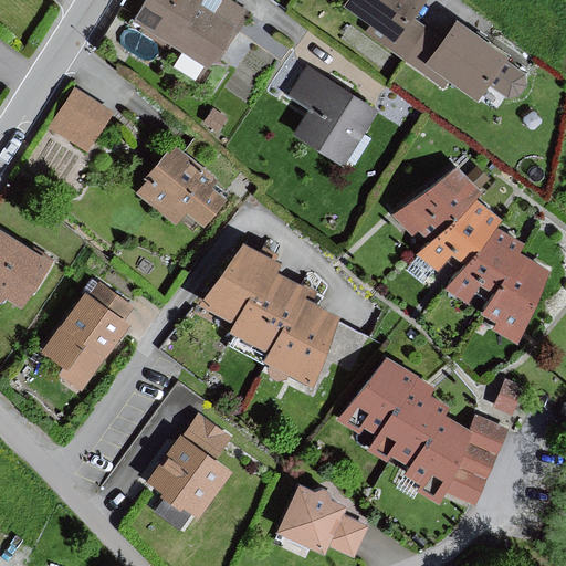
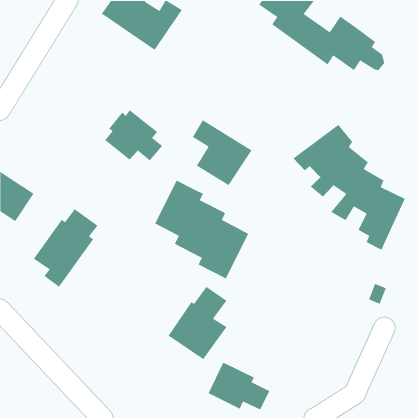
building: [293,71,375,161] -> [192,119,252,186]
building: [51,91,112,147] -> none
building: [340,360,501,504] -> none
building: [148,418,229,518] -> [168,286,227,360]

